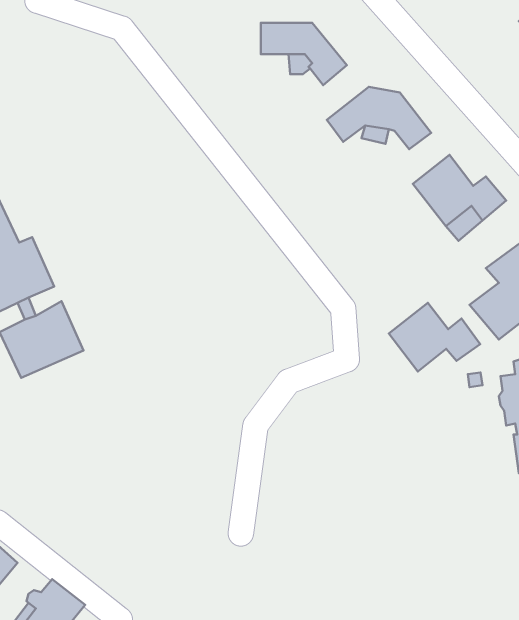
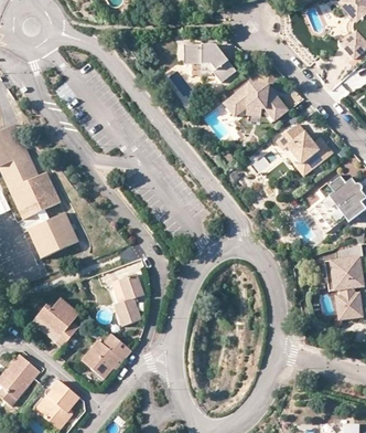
building: [389,303,480,372] -> none
building: none -> [110,271,143,325]
building: none -> [36,296,78,346]
building: none -> [80,332,131,377]

